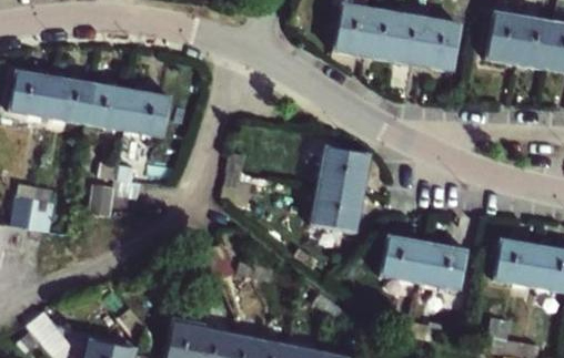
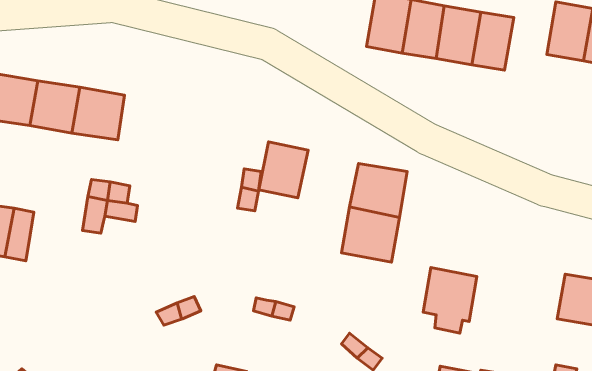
building: [124,91,169,135] -> none
building: none -> [259,142,308,198]
building: [421,244,466,289] -> none

